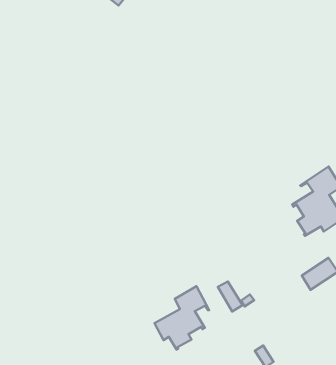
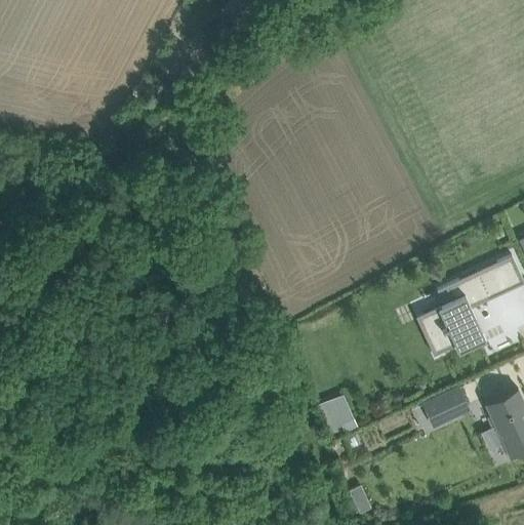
building: [155,286,209,349] -> none

